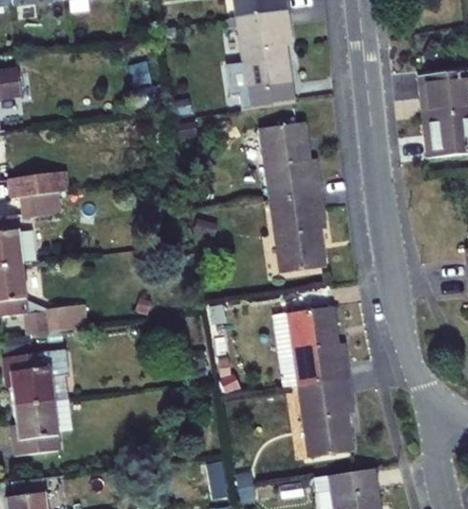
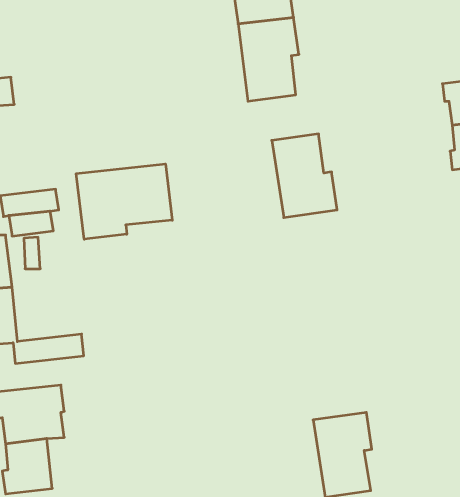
building: none -> [76,164,172,239]
building: [271,194,326,276] -> none
building: [287,307,347,387] -> none

